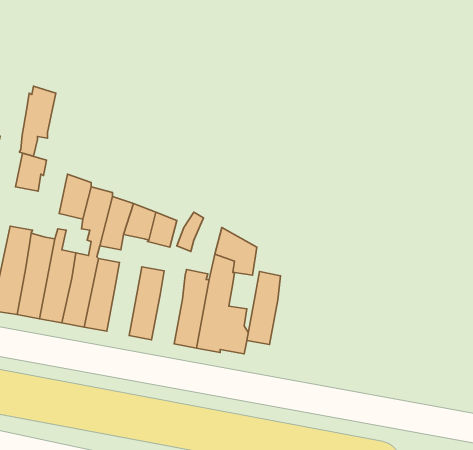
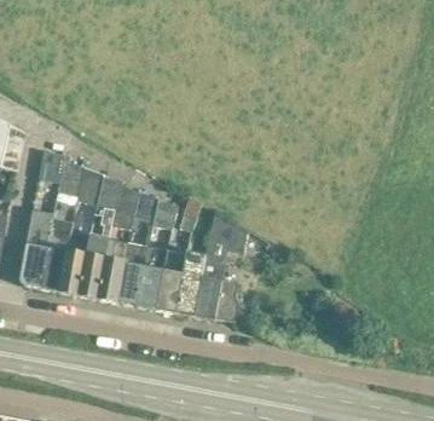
building: [19,86,56,156] -> [51,161,82,221]
building: none -> [116,243,146,306]
building: [247,272,281,345] -> [155,250,184,313]

